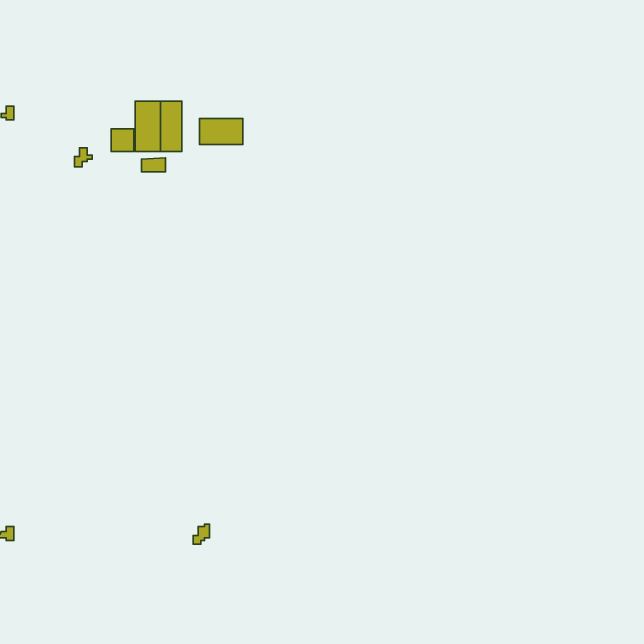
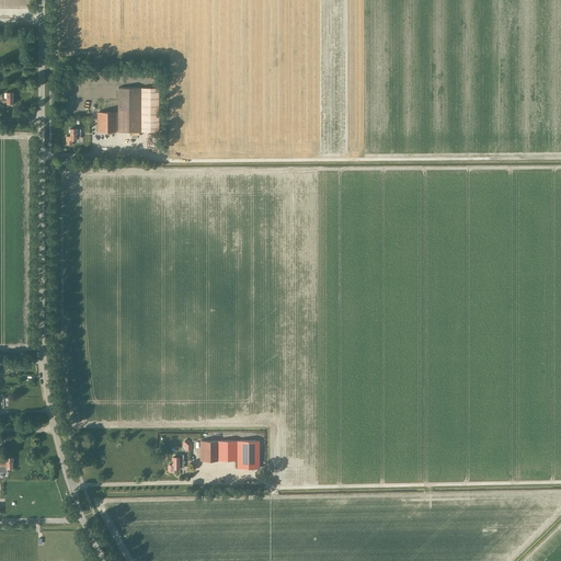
building: [200,119,243,145] -> none
building: none -> [198,442,257,469]

